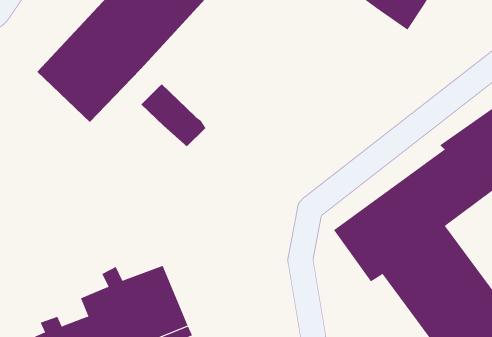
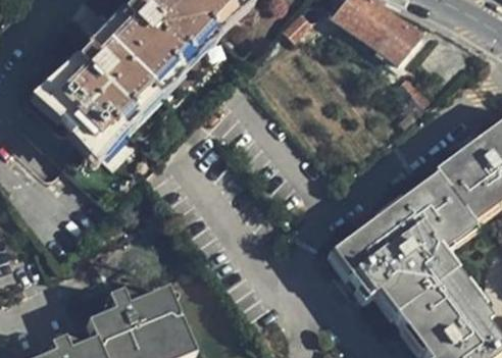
building: [141,83,206,147] -> none

